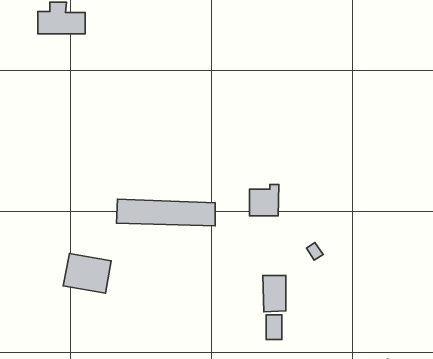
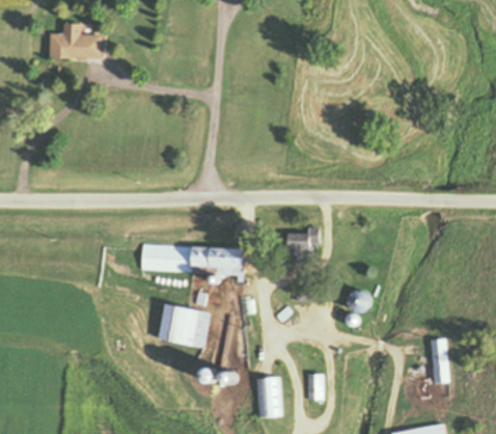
building: [63,253,111,293] -> [157,303,211,348]
building: [263,276,286,312] -> [254,378,280,418]
building: none -> [430,338,448,384]

